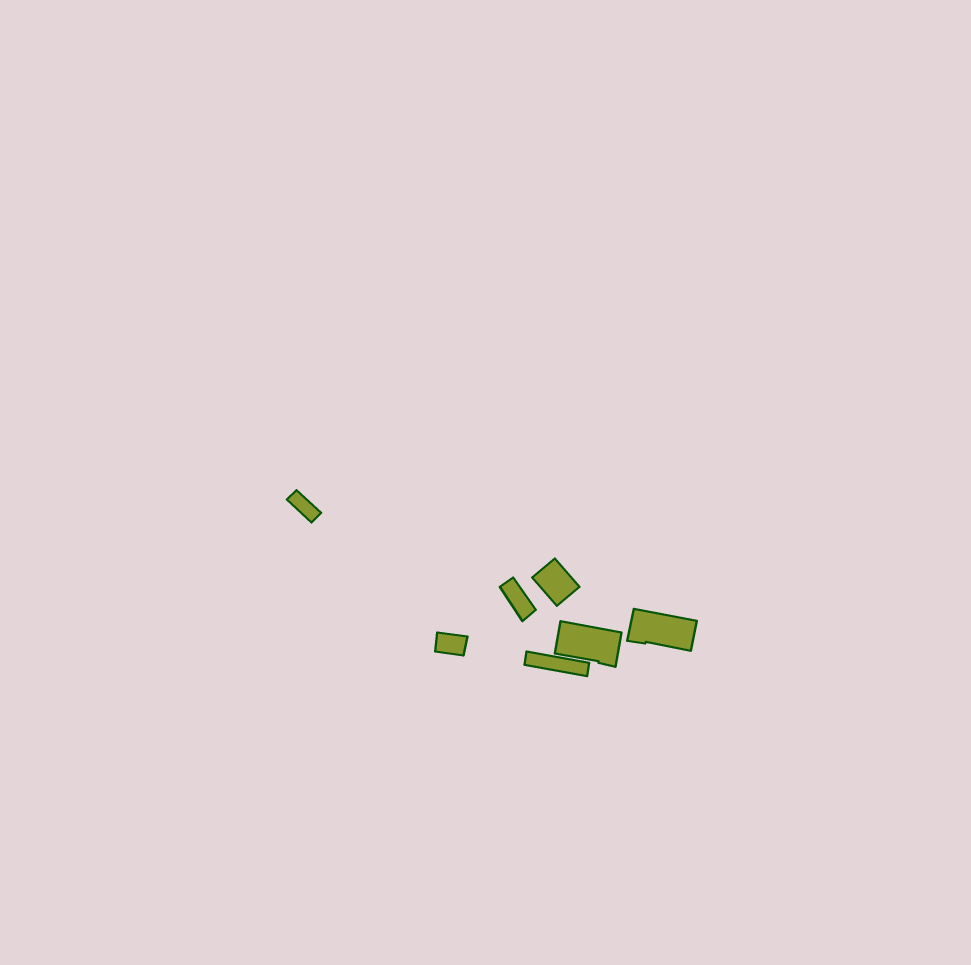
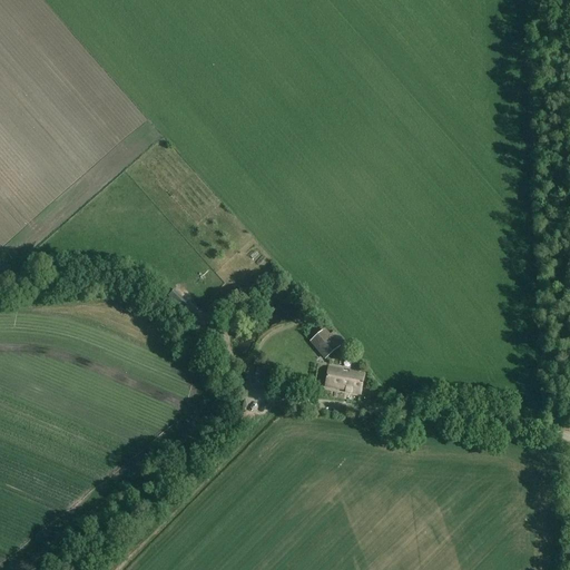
building: [627,609,697,651] -> none

